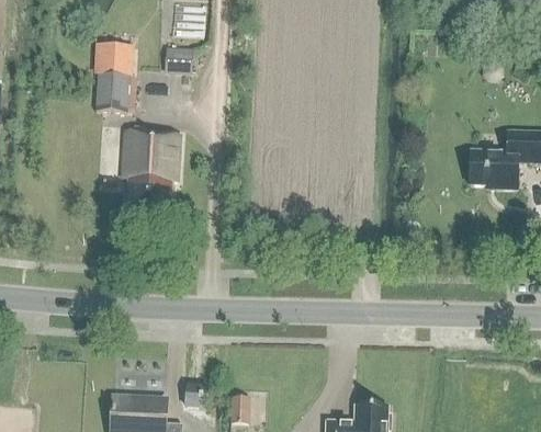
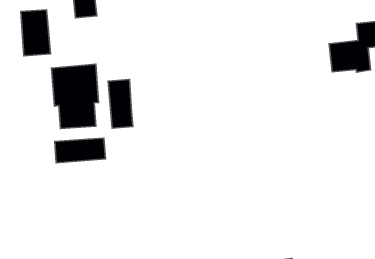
building: none -> [108,79,133,128]
building: none -> [55,138,105,163]

